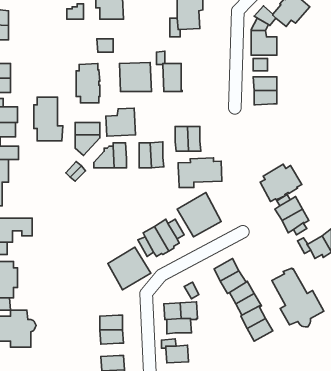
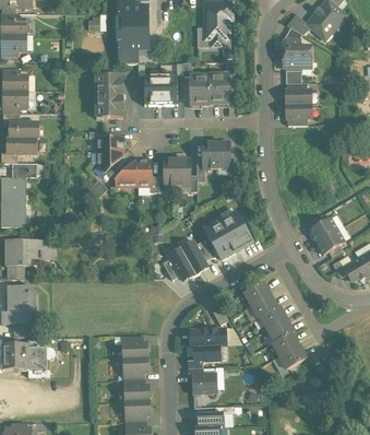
building: none -> [118,28,147,49]
building: none -> [207,74,228,104]
building: [34,97,63,141] -> none
building: [106,108,135,136] -> none
building: [178,158,222,188] -> none
building: [260,164,302,202] -> none
building: [108,247,151,290] -> none
building: [272,268,324,327] -> none

